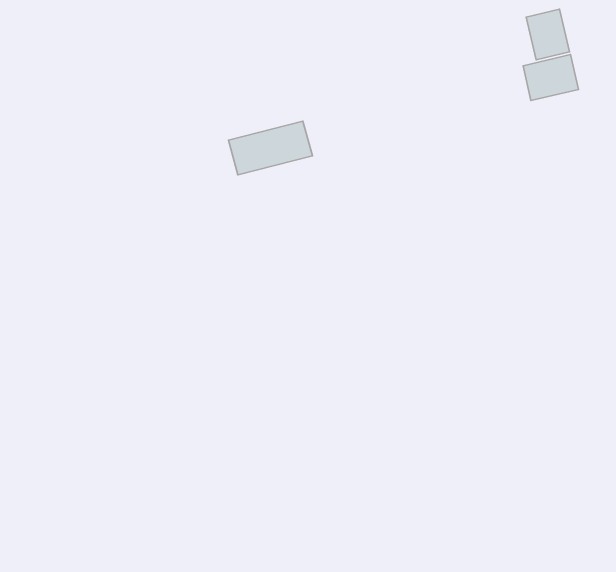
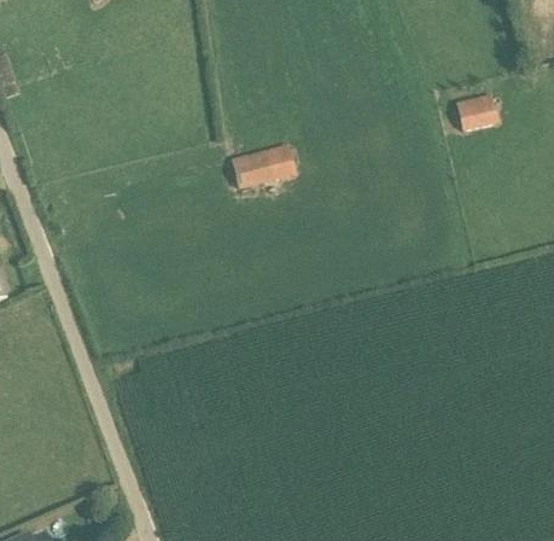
building: [526,9,569,60] -> none

